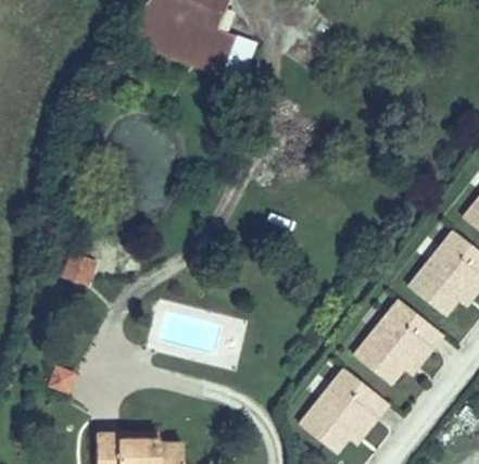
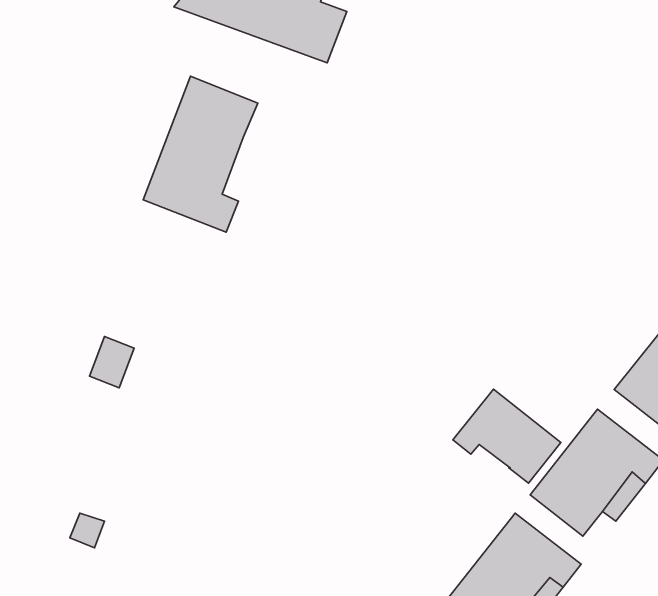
building: none -> [143,76,258,232]
building: none -> [453,389,561,483]

